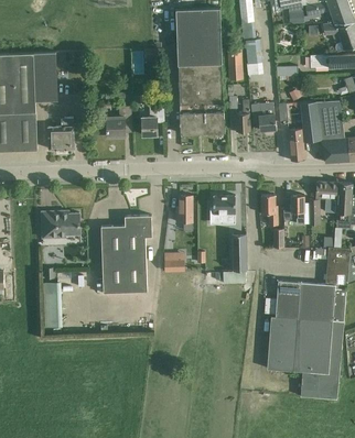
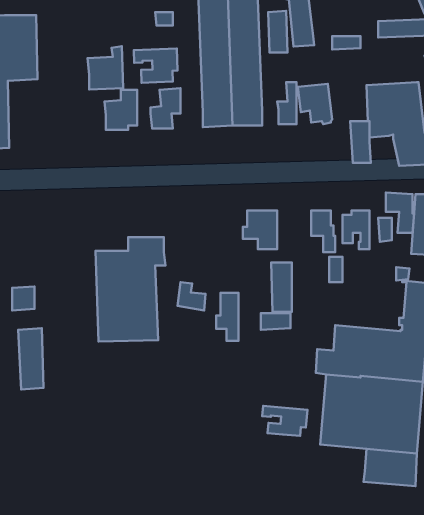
building: none -> [134,49,177,83]
building: [47,118,74,150] -> [88,46,123,90]
building: [175,196,192,231] -> [216,293,239,341]
building: [41,211,80,239] -> none
building: none -> [262,406,308,436]

